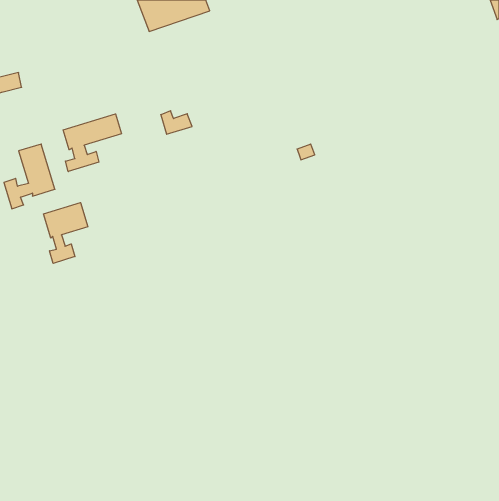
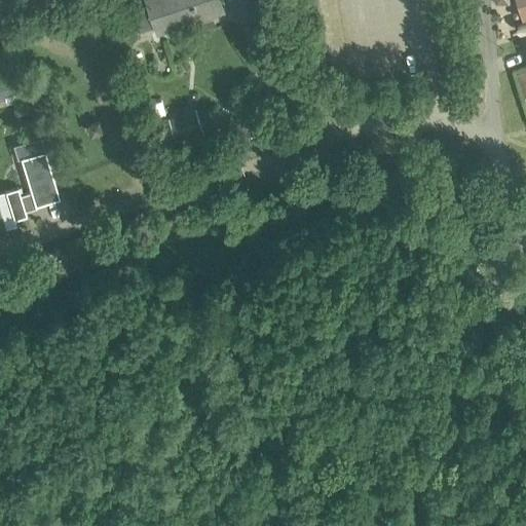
building: [63,114,122,172] -> none
building: [43,203,88,263] -> none

